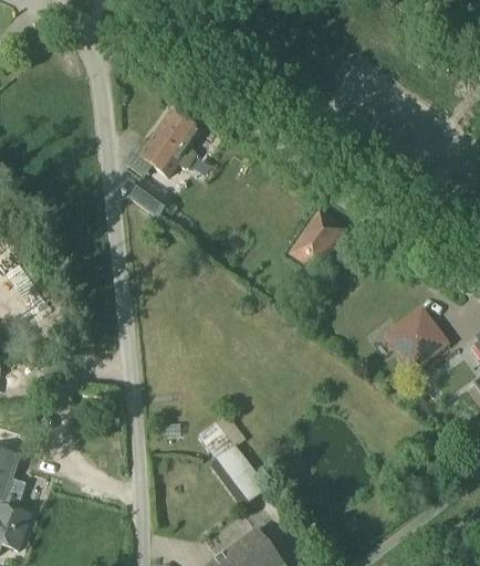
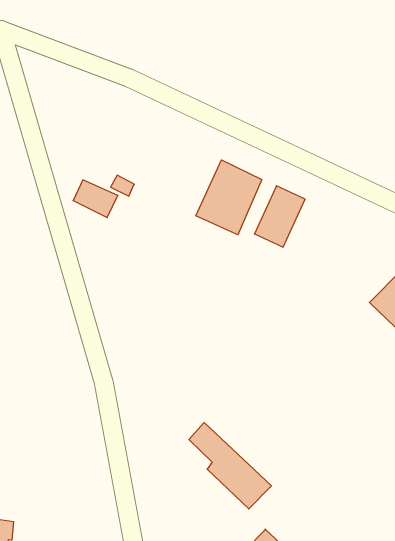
building: [132,109,199,176] -> none
building: none -> [196,160,262,235]

